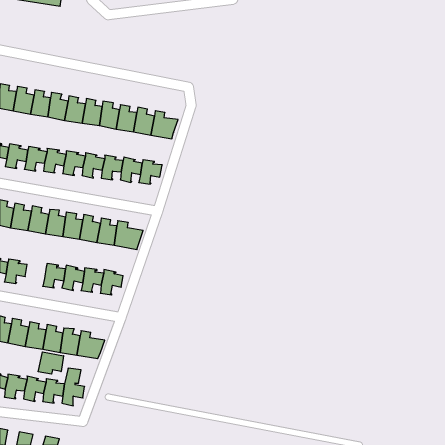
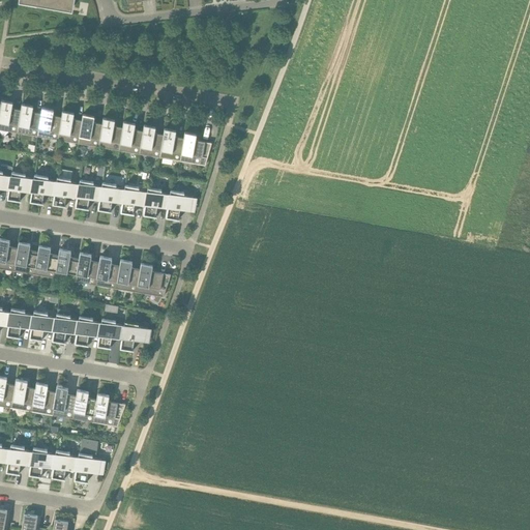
building: none -> [28,310,55,340]
building: [38,352,64,374] -> none

